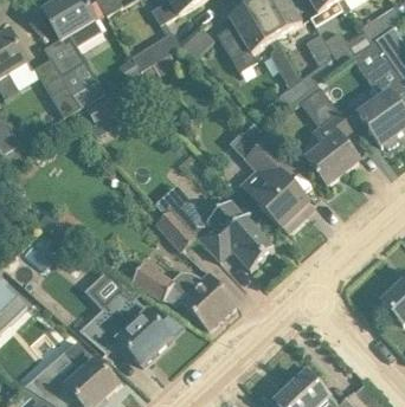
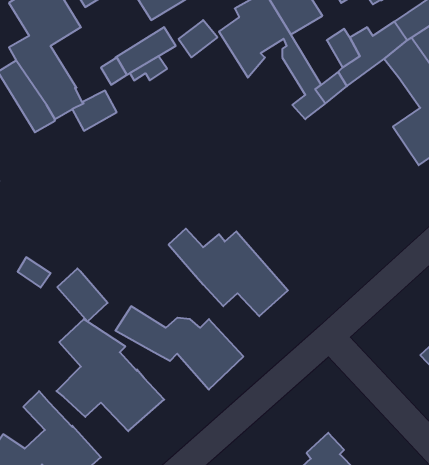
building: [301,86,358,185] -> none
building: [231,122,308,227] -> none
building: [155,207,197,251] -> [57,268,108,322]

